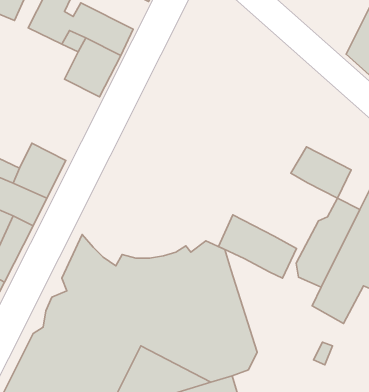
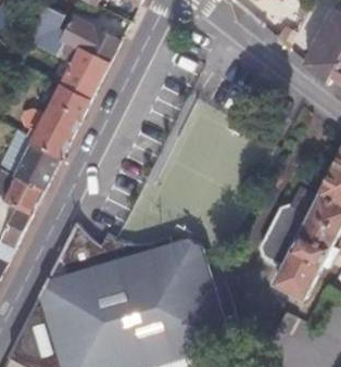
building: none -> [24,87,90,157]
building: [291,147,351,198] -> none
building: [218,215,297,278] -> none

